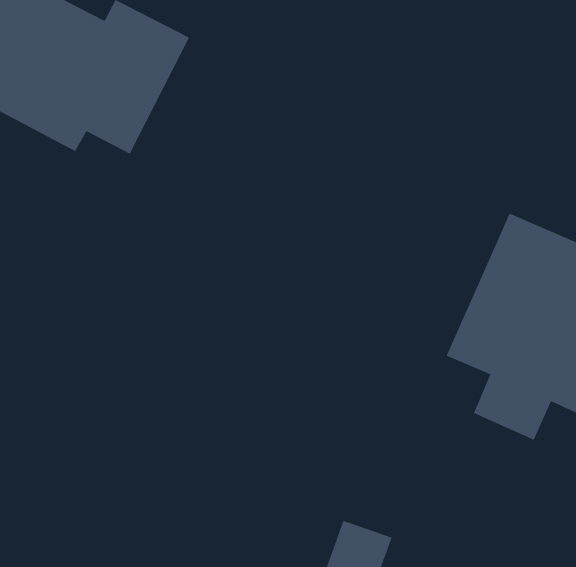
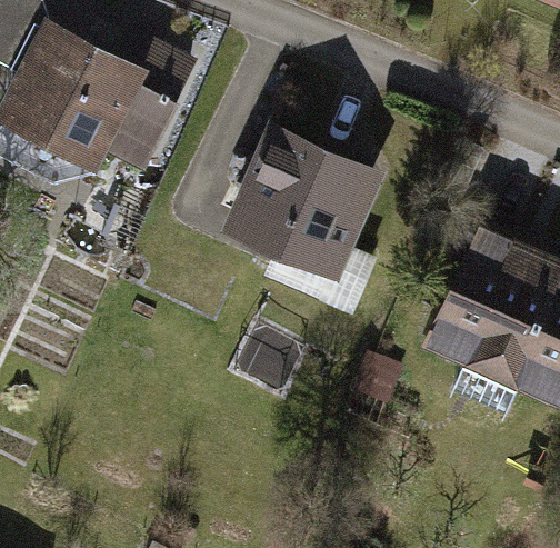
building: none -> [224,124,382,307]

